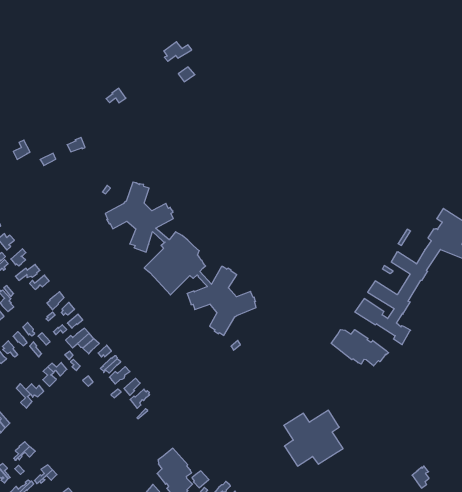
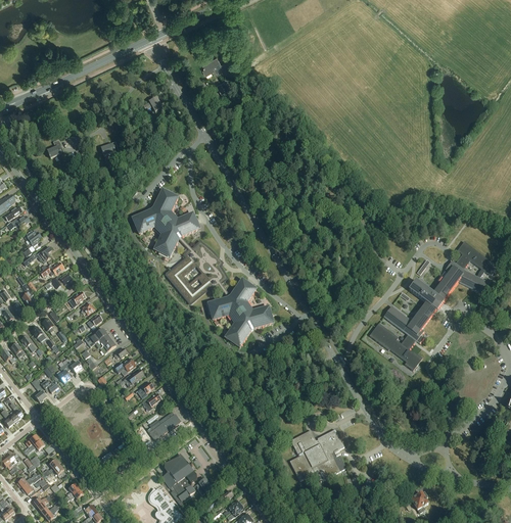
building: [331,330,389,366] -> none
building: none -> [146,411,180,439]

